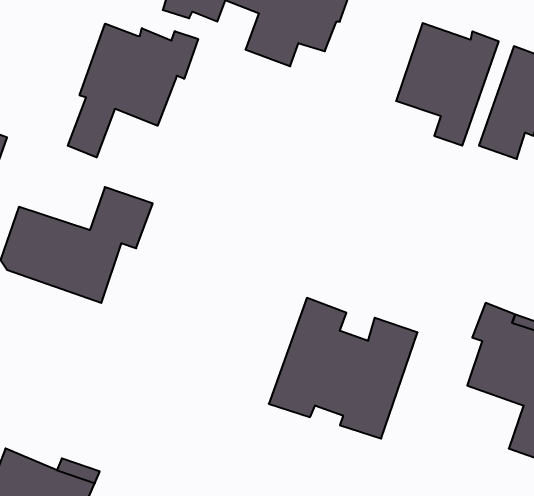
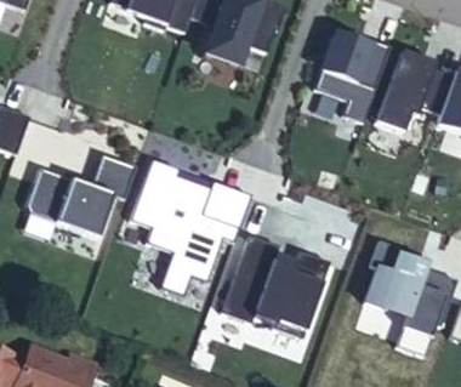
building: [68,24,198,157] -> none
building: none -> [131,158,251,295]

